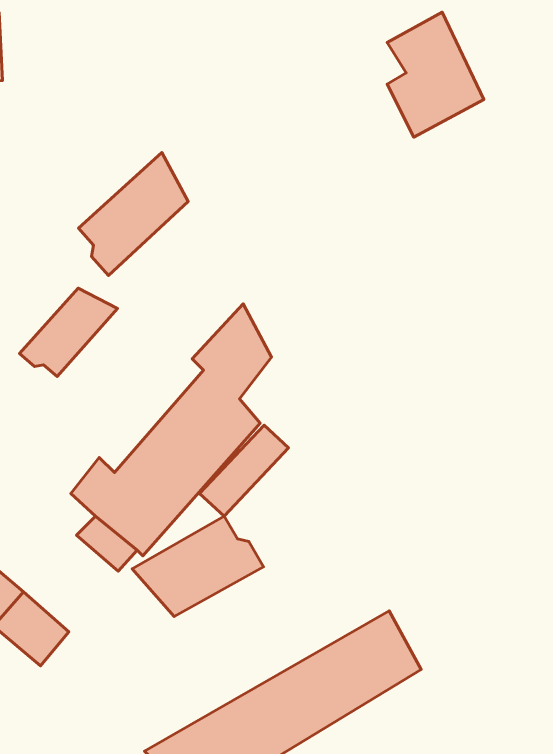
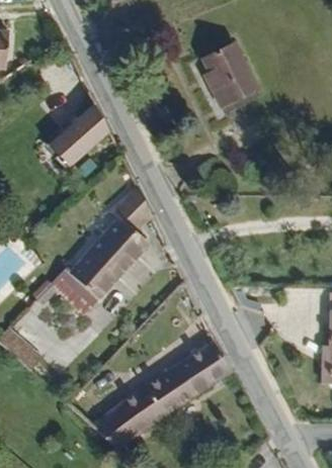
building: [19,288,118,377] -> none
building: [132,516,264,617] -> none

